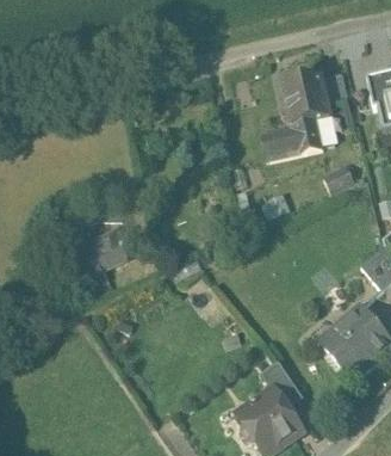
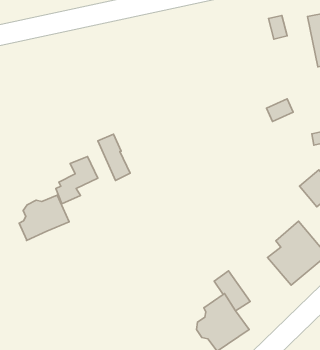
building: [260,72,328,156] -> none
building: none -> [98,134,130,180]
building: none -> [19,195,69,241]

